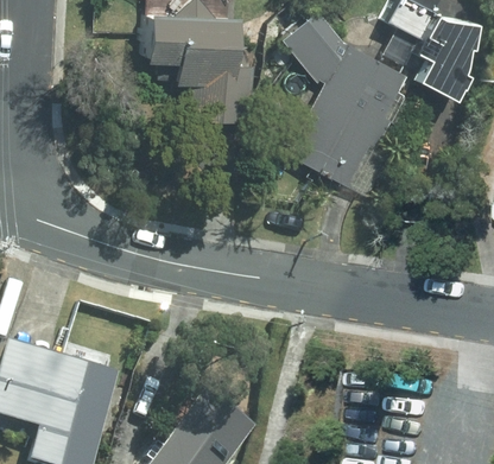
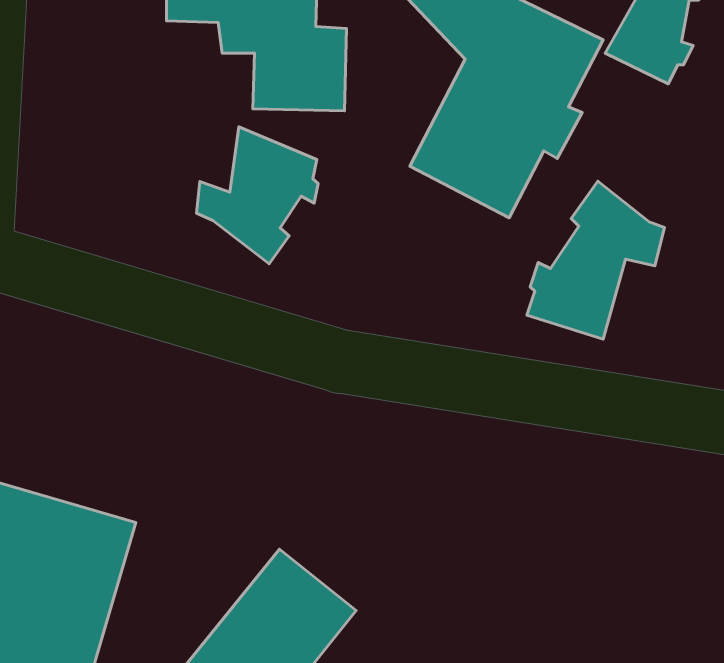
building: none -> [197,127,318,264]
building: none -> [527,181,665,339]

